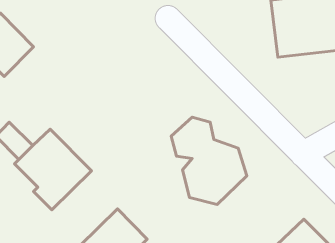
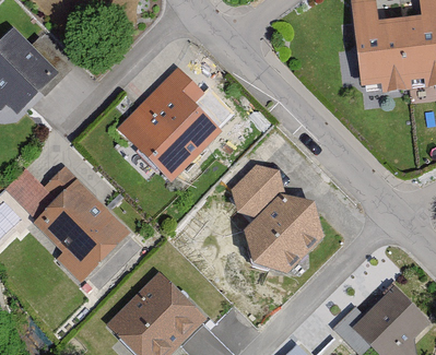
building: none -> [123,82,217,176]

